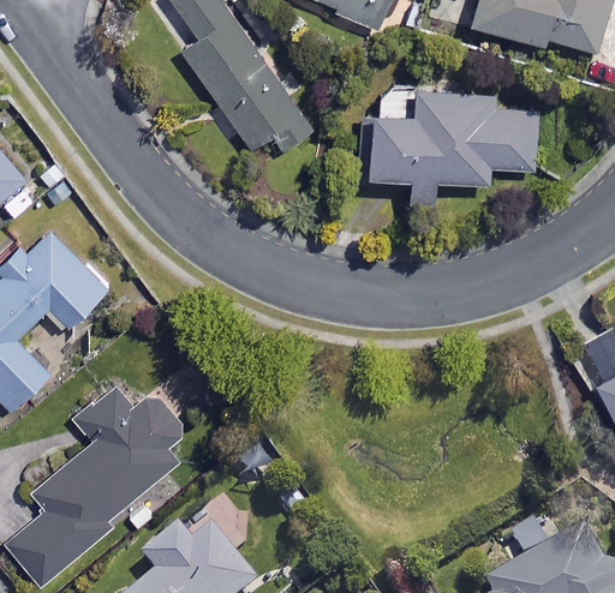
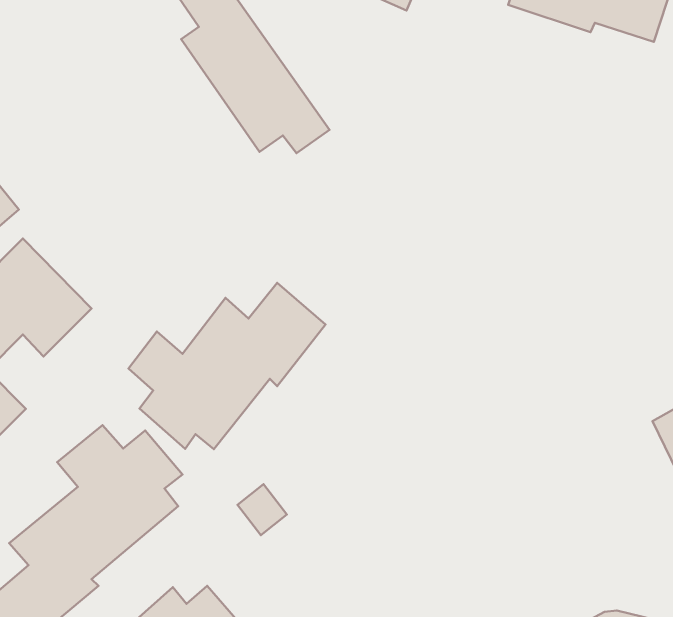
building: [360,91,541,182] -> none
building: none -> [129,283,325,449]

